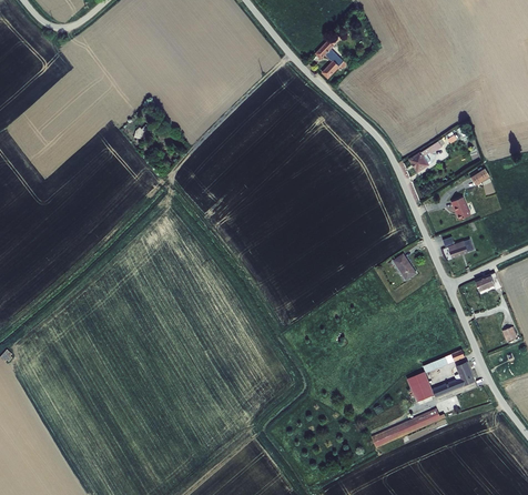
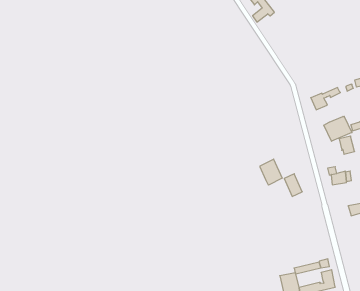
building: none -> [324,116,352,141]
building: none -> [260,159,282,185]

